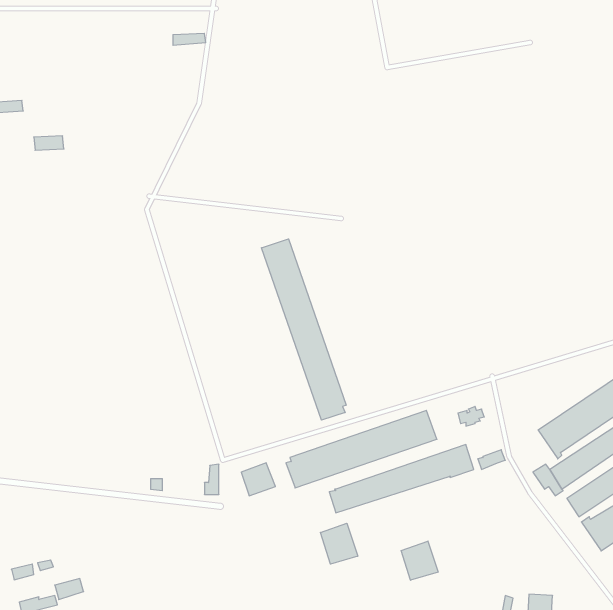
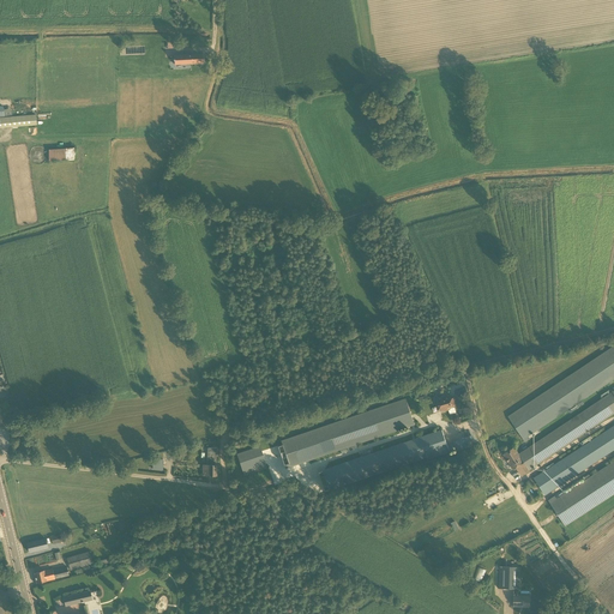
building: [261,239,346,420] -> none
building: [320,523,358,564] -> none
building: [401,541,438,580] -> none

